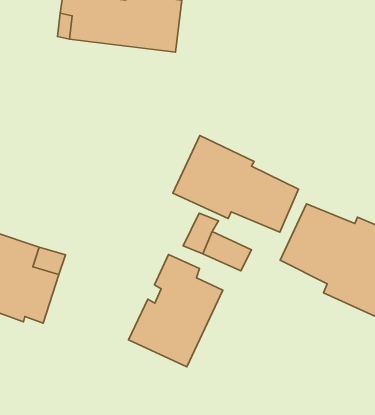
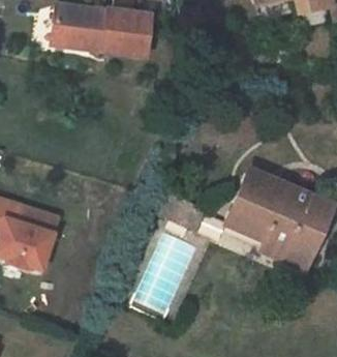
building: [173,136,299,232] -> none
building: [129,255,223,367] -> none

